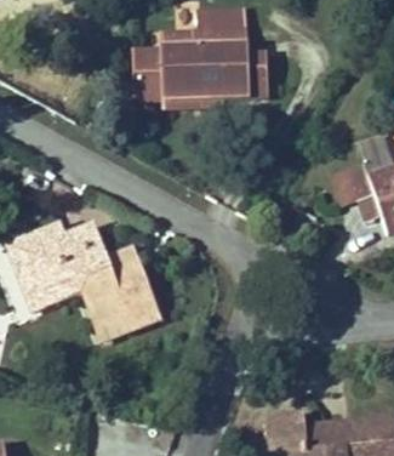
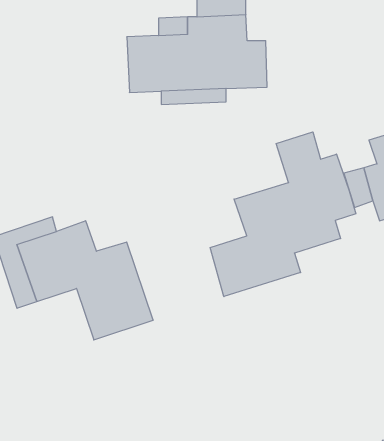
building: none -> [210,132,356,297]

